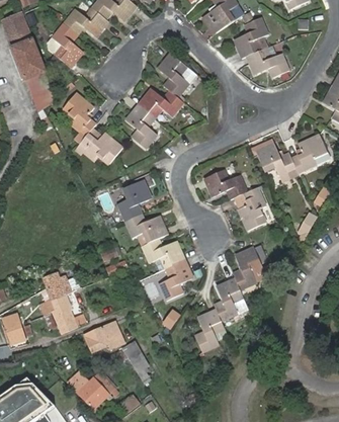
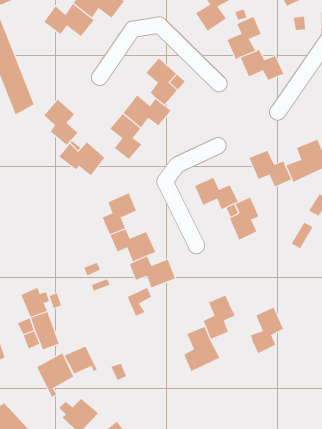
building: [48,22,85,68] -> none
building: [232,244,263,287] -> [250,307,284,354]
building: [160,261,195,300] -> none
building: none -> [37,352,74,398]

